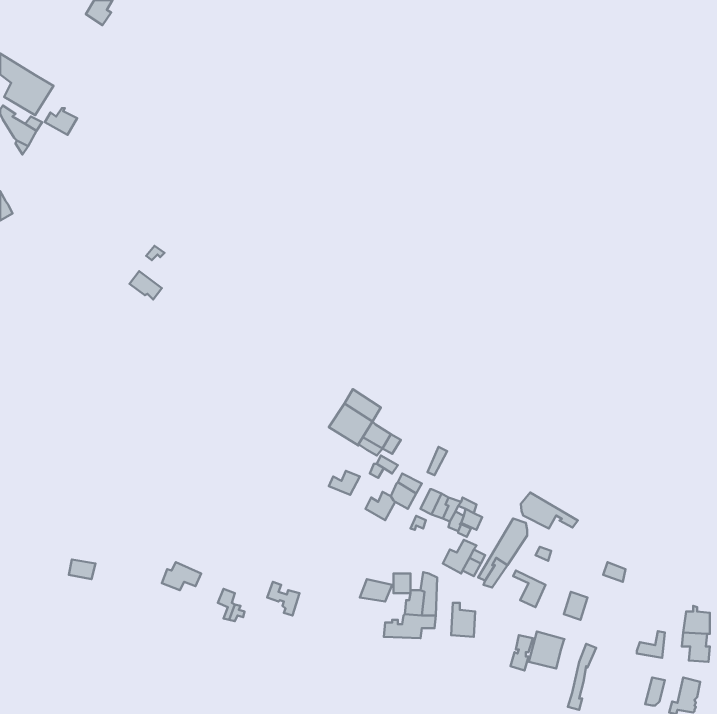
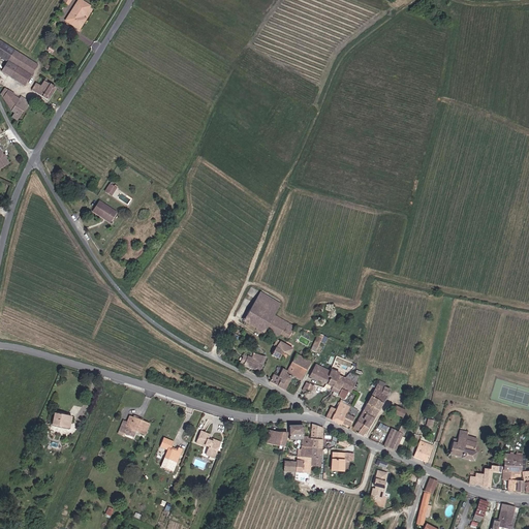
building: [521,492,578,528] -> none
building: none -> [449,427,475,458]
building: [529,632,565,668] -> none

